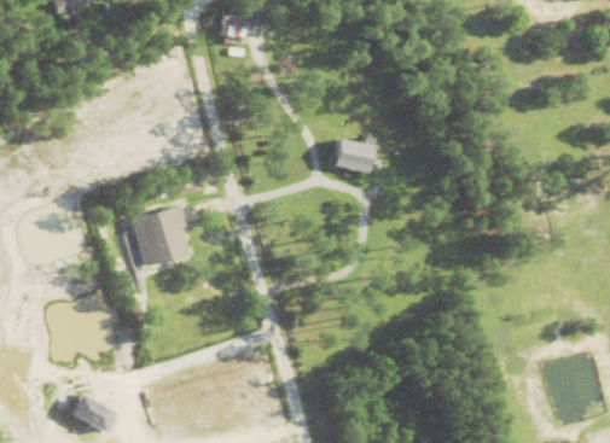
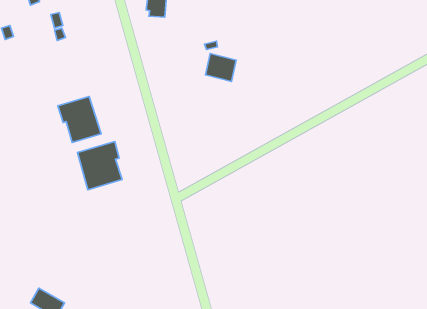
building: [333,138,373,174] -> [206,54,236,81]
building: none -> [58,97,101,142]

